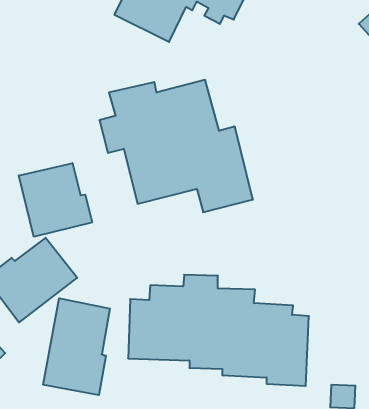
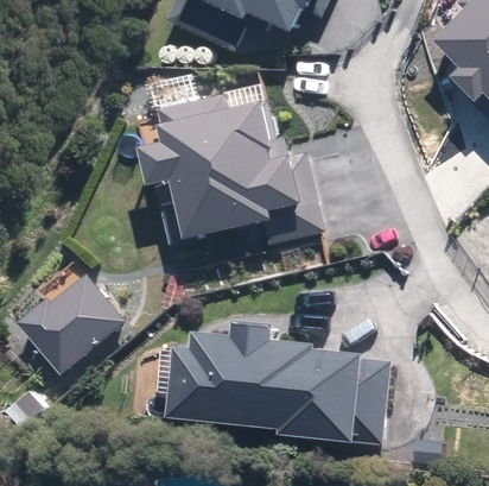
building: [19,163,92,237] -> none
building: [43,298,110,395] -> none

